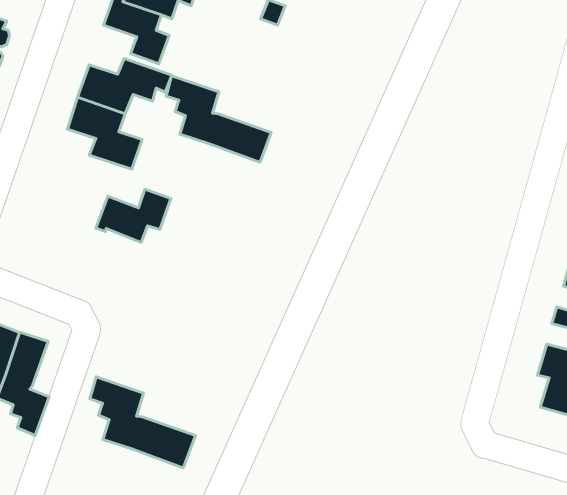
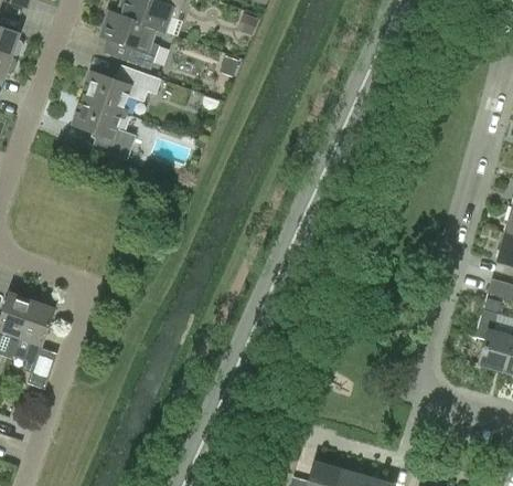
building: [166,76,271,162] -> none
building: [96,189,171,242] -> none
building: [90,377,195,468] -> none

